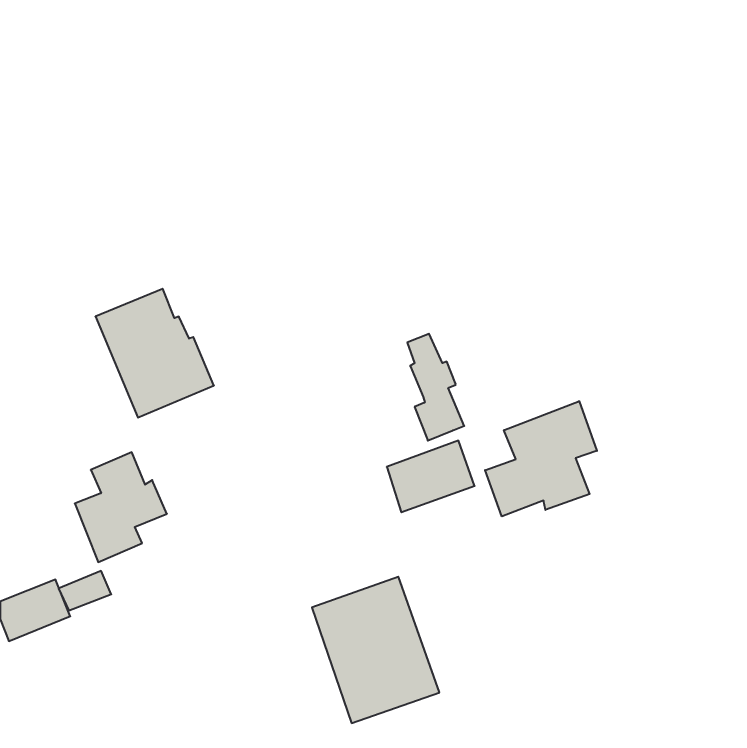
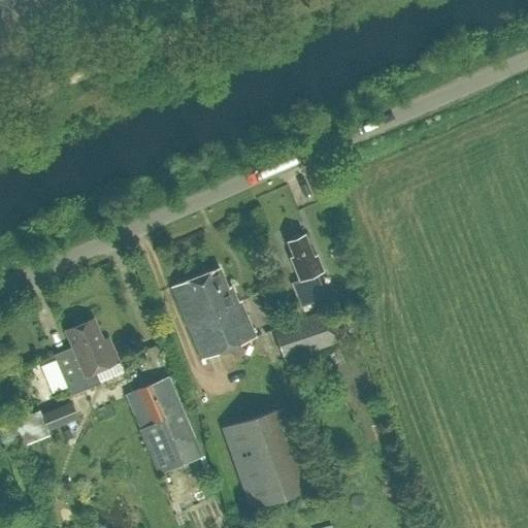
building: [95,289,214,418] -> [171,268,255,359]
building: [485,401,597,516] -> none
building: none -> [127,375,203,474]

